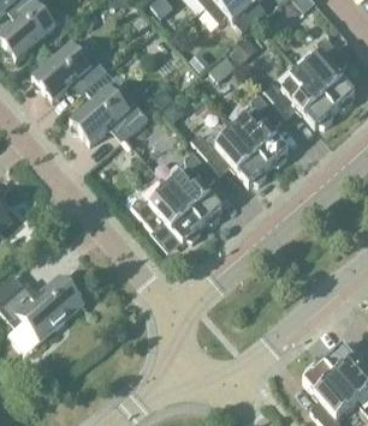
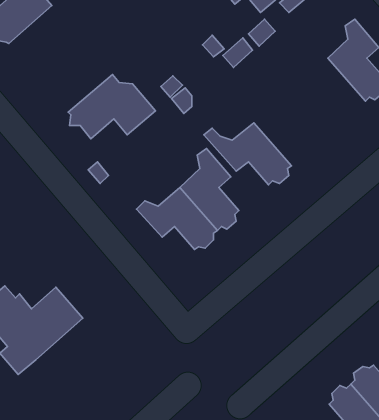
building: [32,42,108,100] -> none
building: [263,71,336,126] -> none
building: [236,94,289,167] -> none

